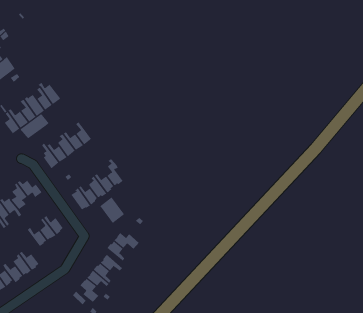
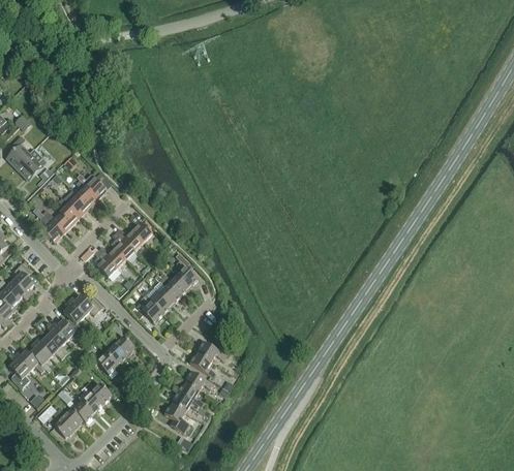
building: [20,113,50,139] -> none
building: [99,196,125,224] -> none

